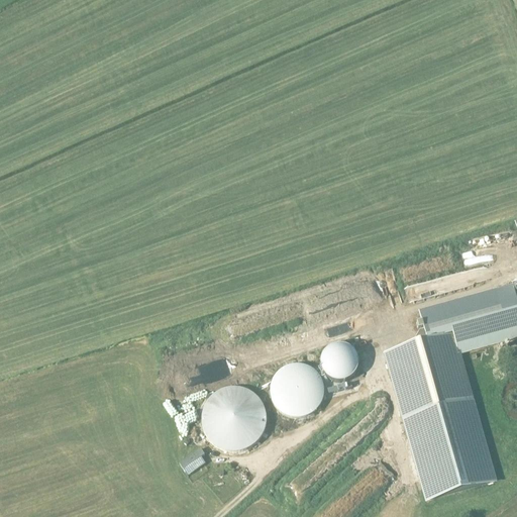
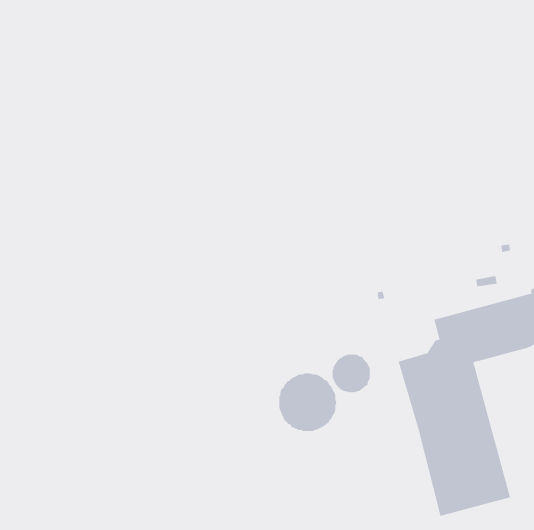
building: [202,384,267,448] -> none

